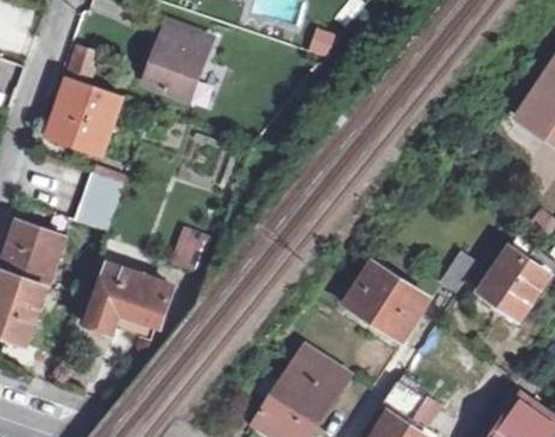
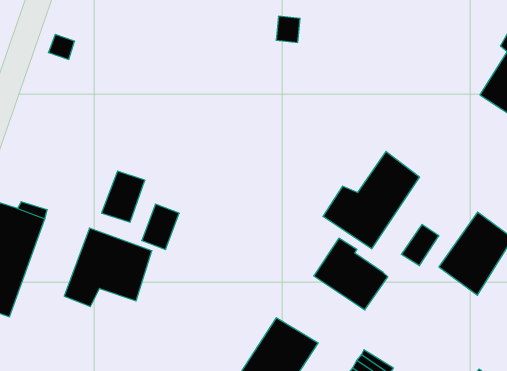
building: [144,26,210,103] -> none
building: [49,80,122,152] -> none
building: none -> [323,151,419,249]
building: [76,177,121,230] -> [102,171,145,222]

